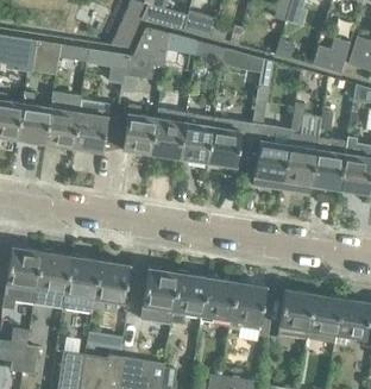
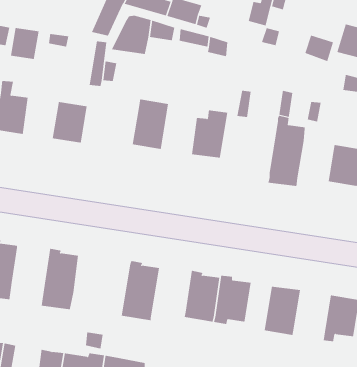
building: [46,90,82,148] -> none
building: [122,106,157,153] -> none
building: [180,114,214,163] -> none
building: [253,127,291,190] -> none
building: [312,138,346,189] -> none
building: [33,249,71,309] -> none
building: [95,258,130,303] -> none
building: [170,270,208,324] -> none
building: [307,294,342,343] -> none

